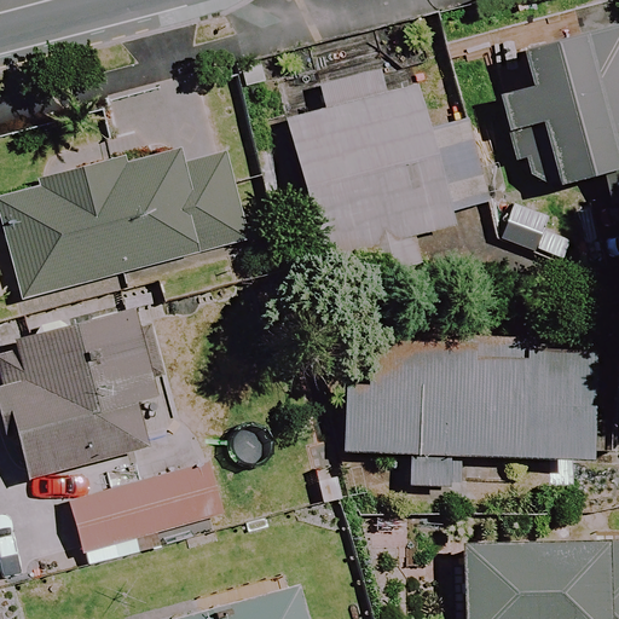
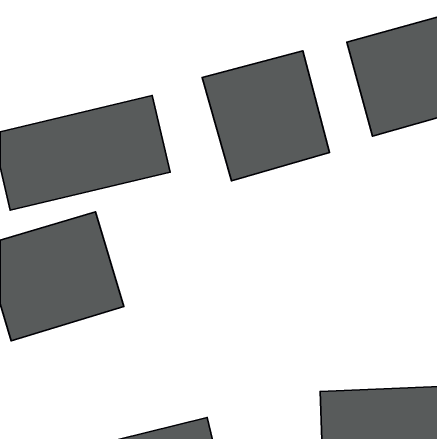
building: [342,339,608,462] -> none
building: [75,453,239,548] -> none

